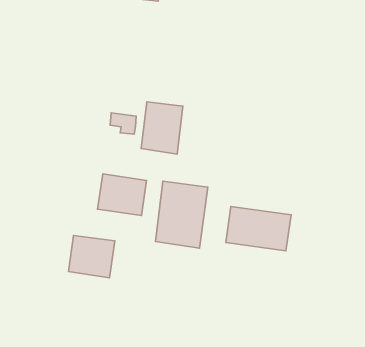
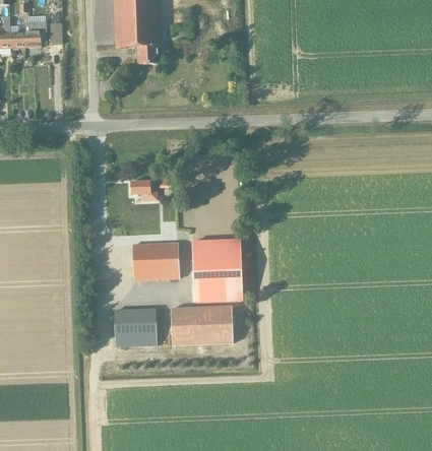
building: [141,102,183,154] -> none
building: [226,206,291,251] -> [170,306,232,344]

